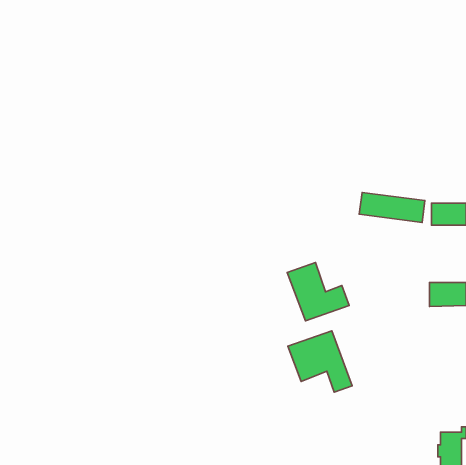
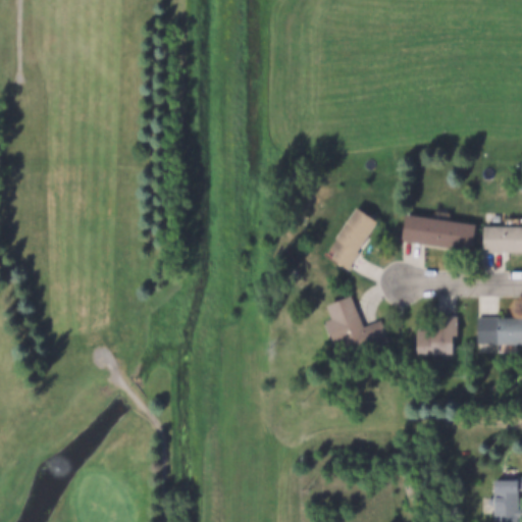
building: none -> [325,209,376,270]
building: none -> [414,317,458,354]
building: [288,331,352,392] -> none

